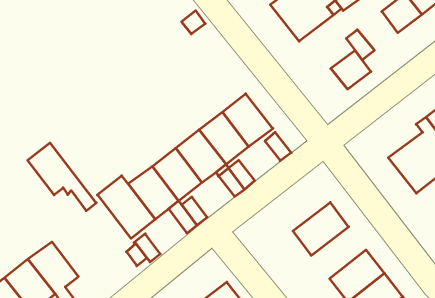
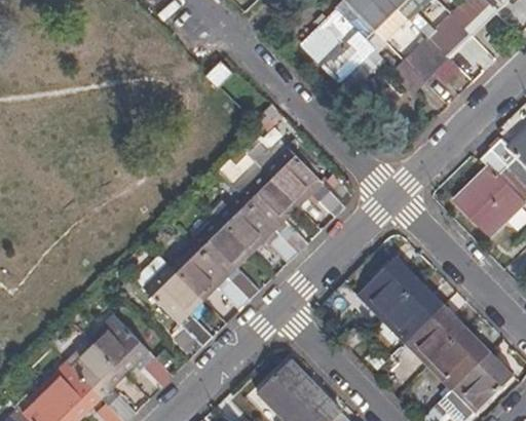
building: [331,50,371,89] -> [403,38,448,82]
building: [28,143,96,211] -> [90,316,173,387]
building: none -> [381,282,442,343]

